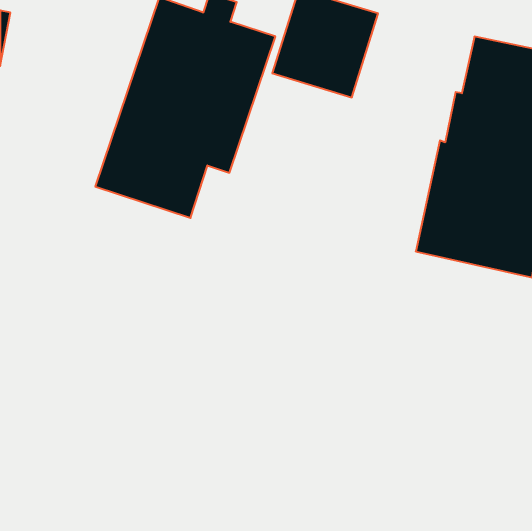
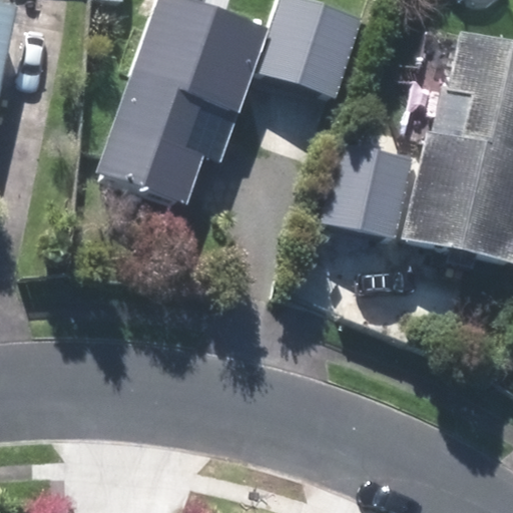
building: none -> [324,137,415,236]

